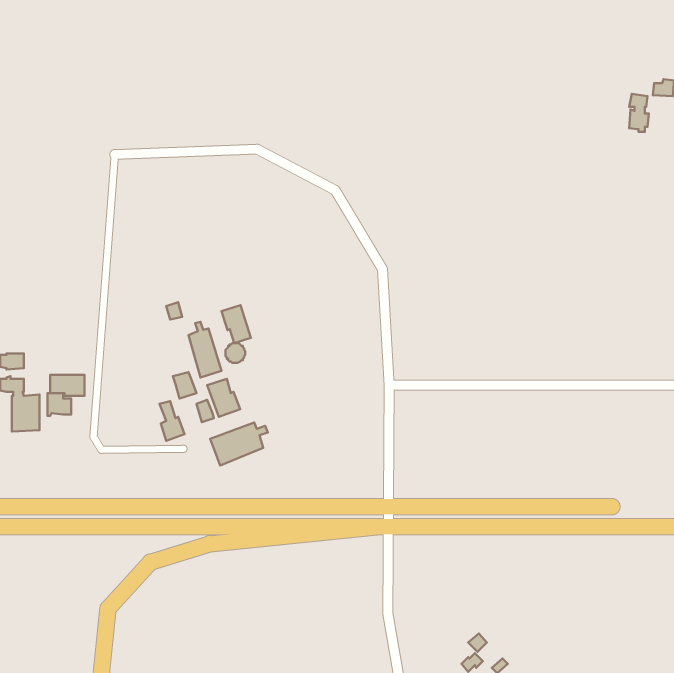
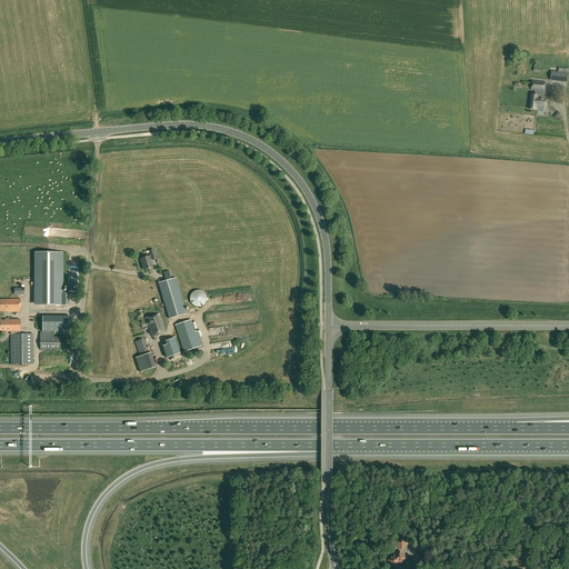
building: none -> [34,251,69,305]
building: [221,305,251,343] -> none
building: [210,422,268,466] -> none

